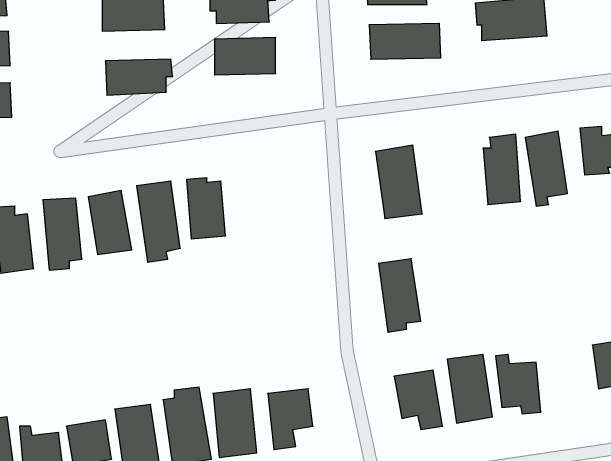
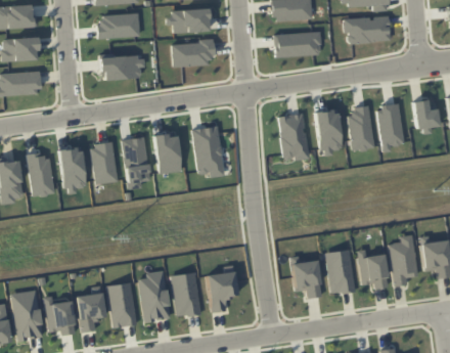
building: none -> [193,127,224,177]
building: [379,259,421,332] -> [315,108,343,157]
building: none -> [389,235,417,286]

